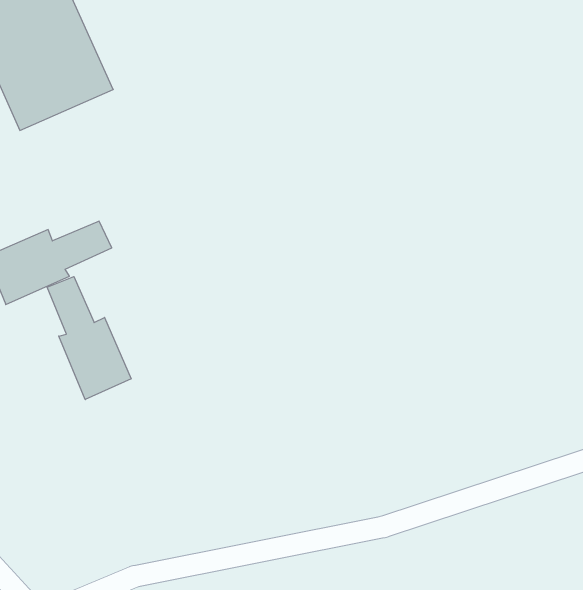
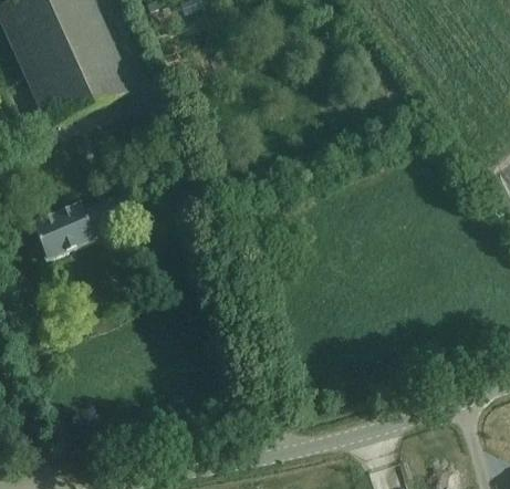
building: [47,277,131,400] -> none

